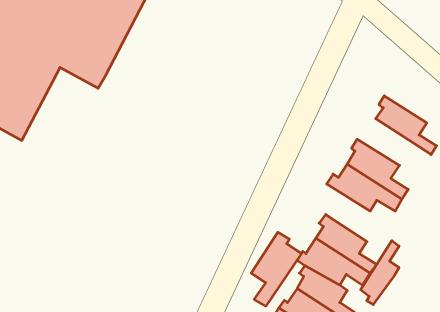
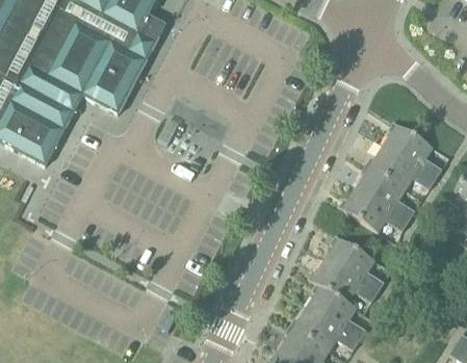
building: none -> [365,144,436,189]
building: [251,232,301,306] -> none
building: [361,241,399,305] -> none

